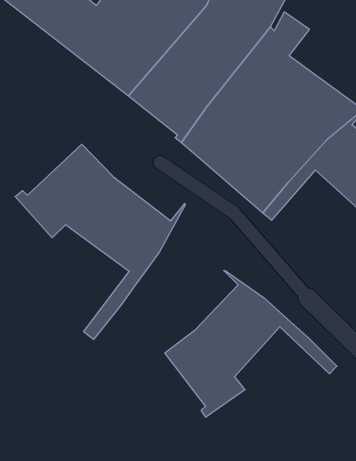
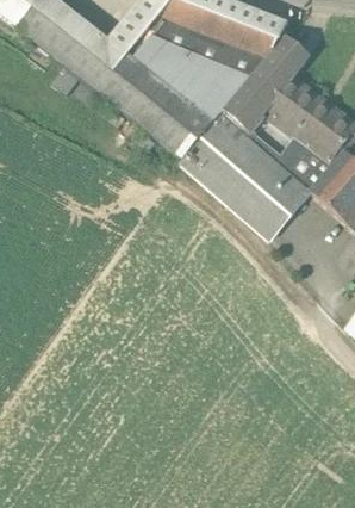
building: [15,144,185,339] -> none
building: [165,271,337,417] -> none

